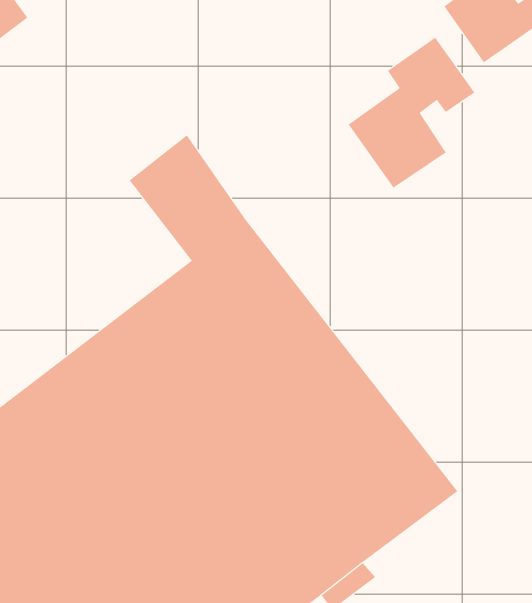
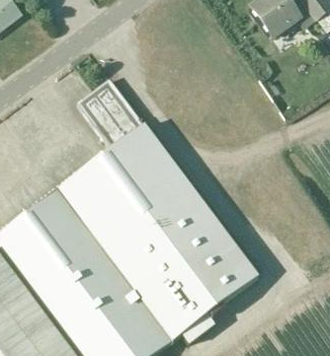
building: [348,37,475,189] -> none

